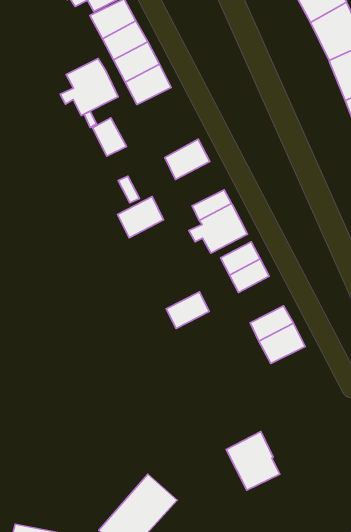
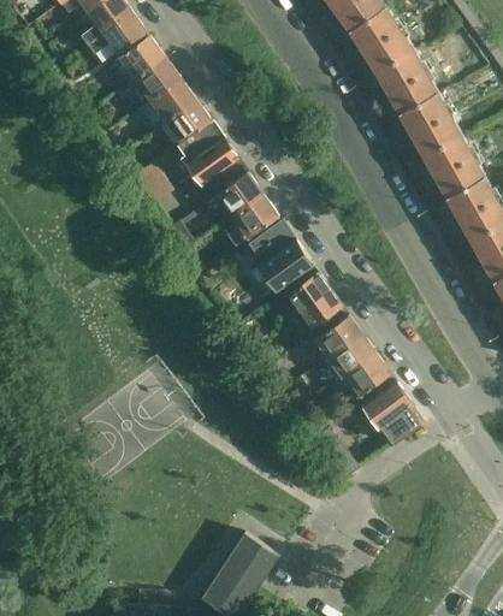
building: [60,59,118,116] -> [176,122,237,184]
building: [118,196,164,238] -> [229,194,278,241]
building: [166,292,209,329] -> [315,315,361,357]
building: [226,431,280,490] -> [361,380,421,444]

